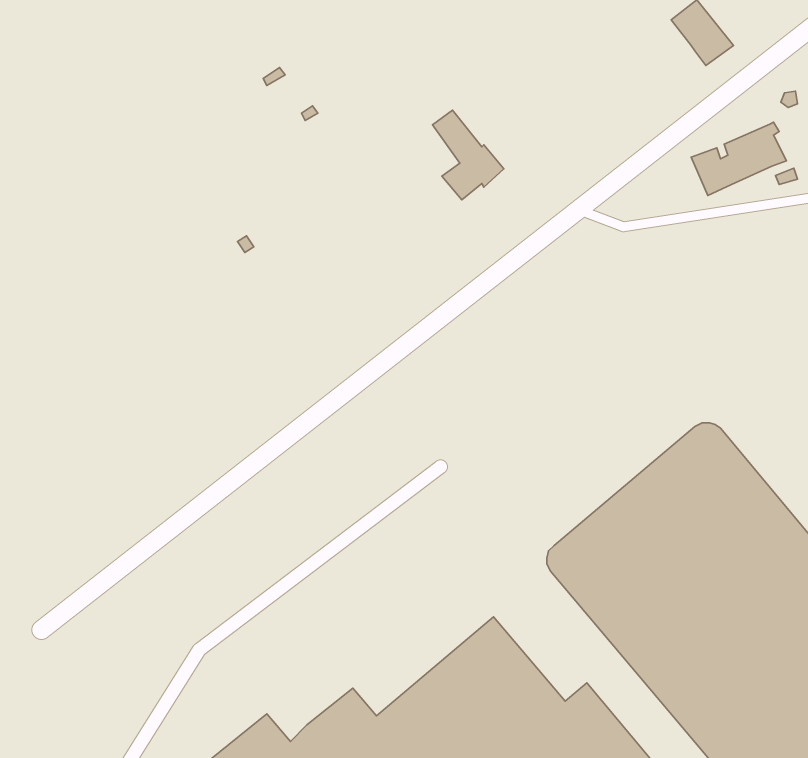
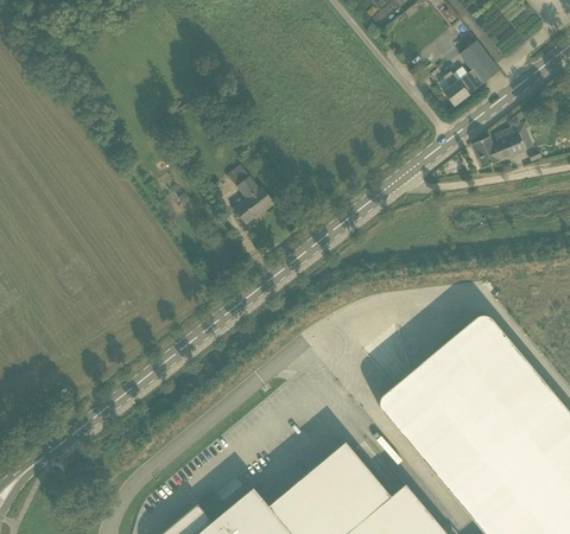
building: none -> [444,71,483,106]
building: [433,110,504,200] -> [228,165,274,223]

